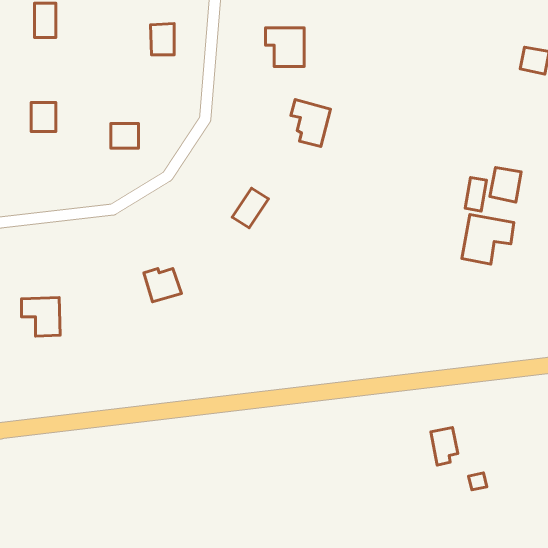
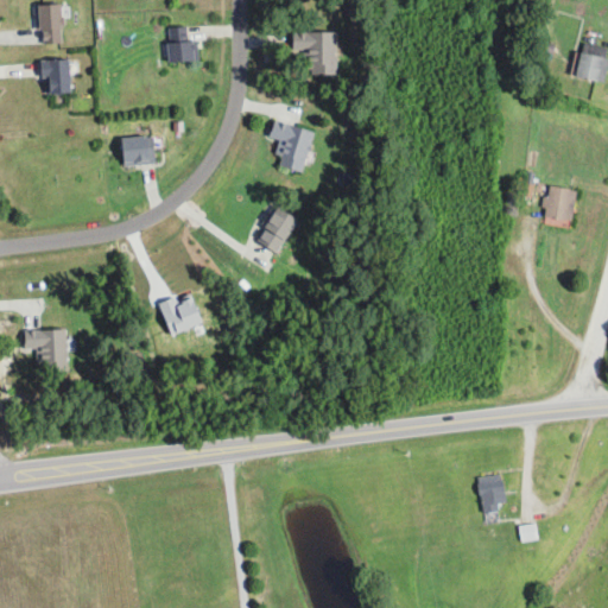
building: [291,99,331,147] -> [270,121,314,173]
building: [31,102,56,131] -> [43,61,70,93]
building: [465,177,487,211] -> none
building: [462,215,514,264] -> none

